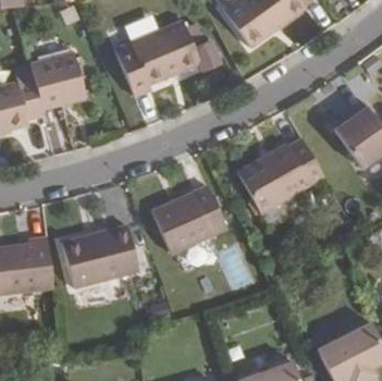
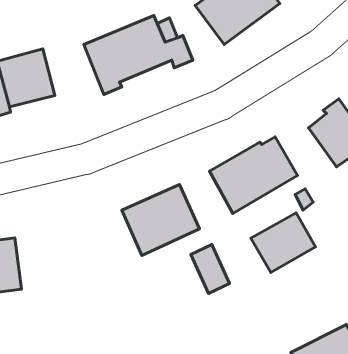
building: none -> [251,213,316,273]
building: [61,224,139,288] -> none

